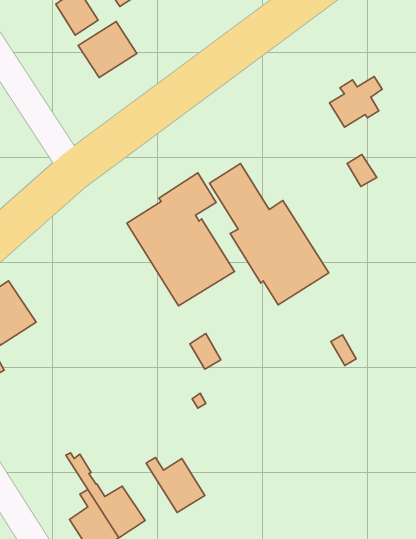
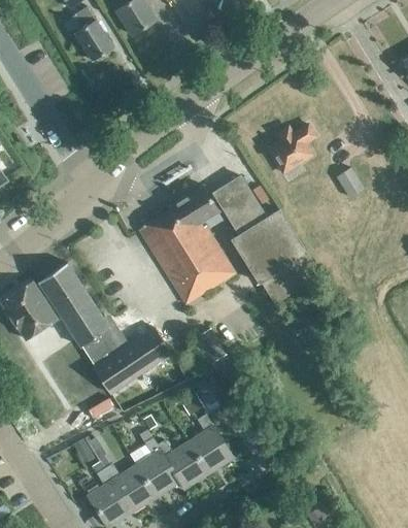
building: [78,22,137,77] -> none
building: [330,77,382,127] -> [268,124,315,169]
building: none -> [38,262,172,393]
building: none -> [189,414,234,473]
building: none -> [135,428,179,496]

